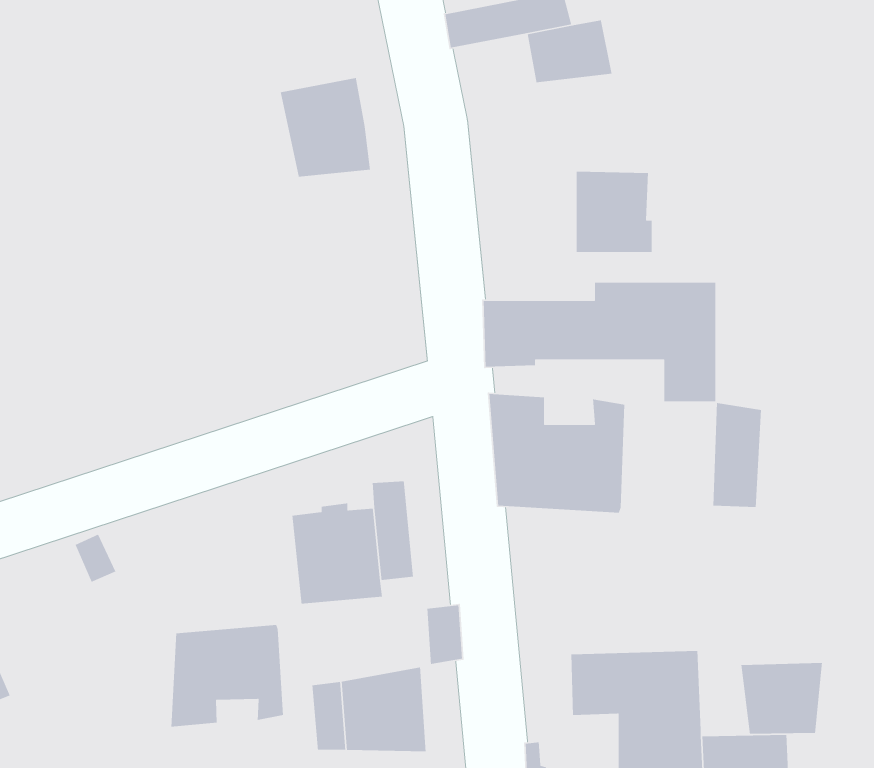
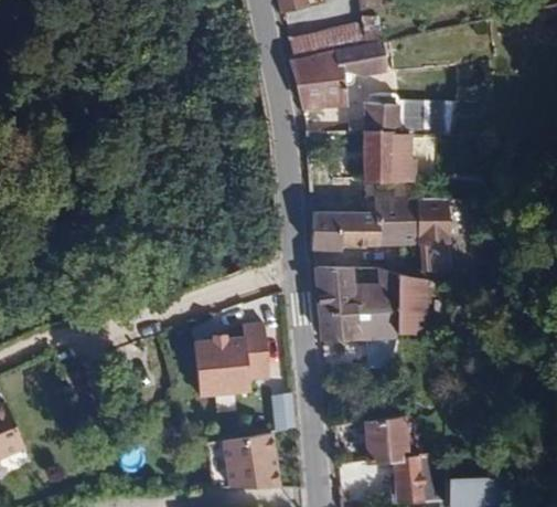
building: [280,77,371,177] -> [291,50,346,110]
building: none -> [367,104,422,134]
building: [713,402,762,508] -> [395,274,425,338]
building: [171,624,284,728] -> none
building: [740,662,823,735] -> none

